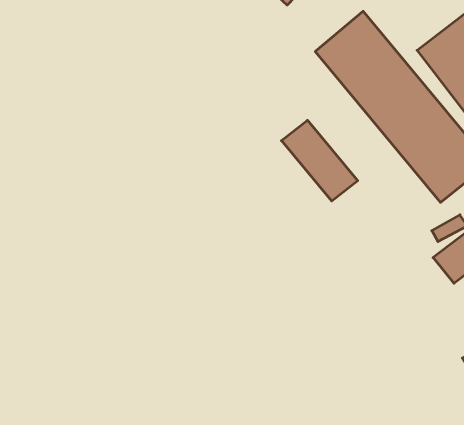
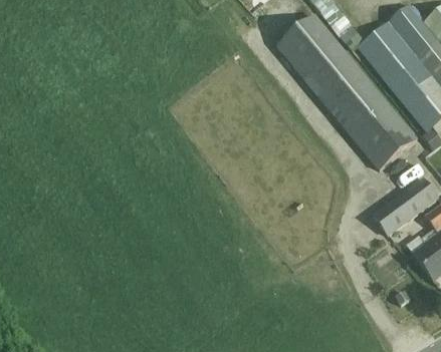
building: [281,120,358,201] -> none

